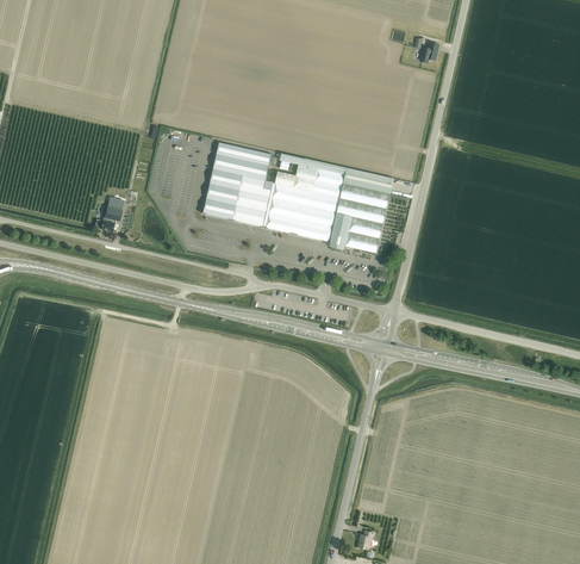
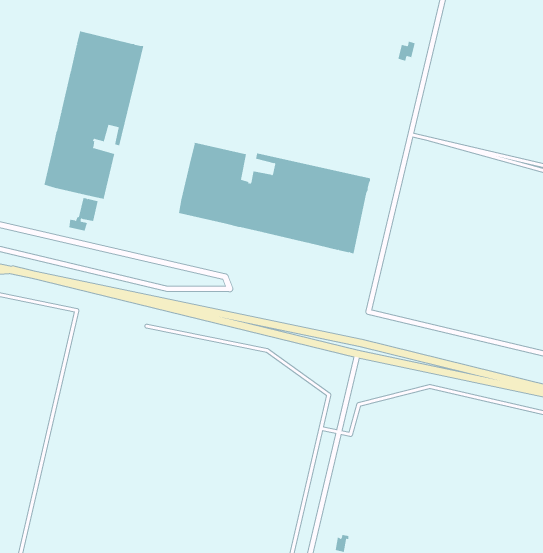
building: none -> [44,30,144,200]

